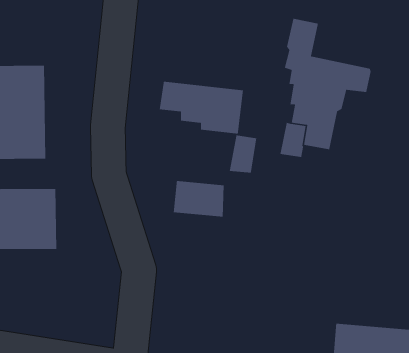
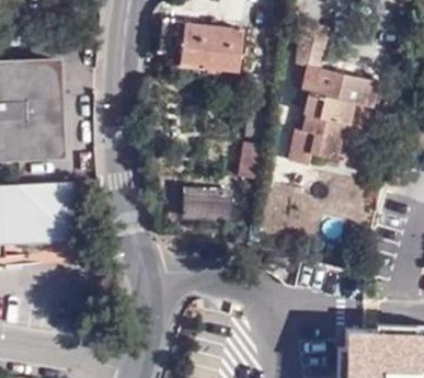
building: [159,81,244,135] -> [163,19,247,71]

